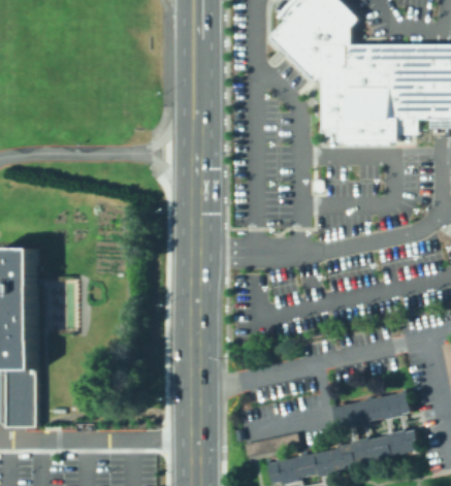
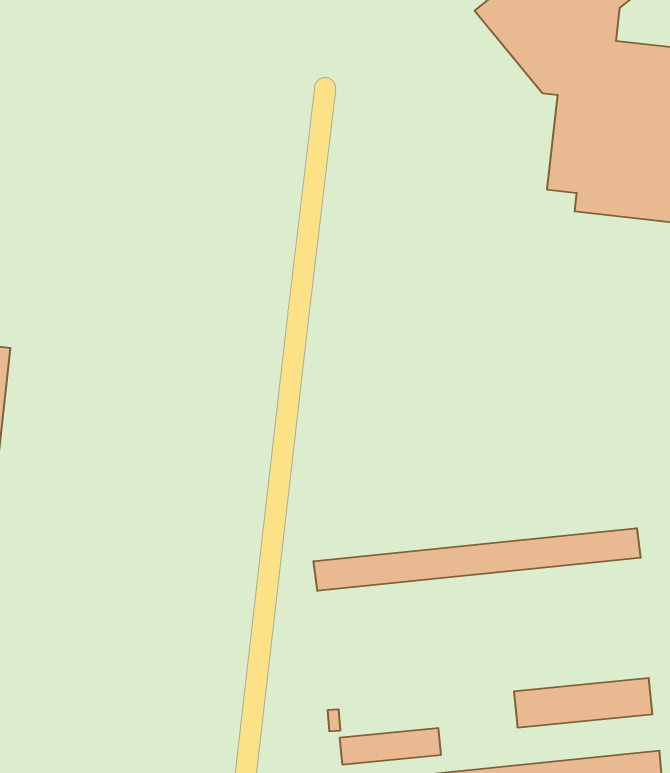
building: none -> [314,528,640,591]

